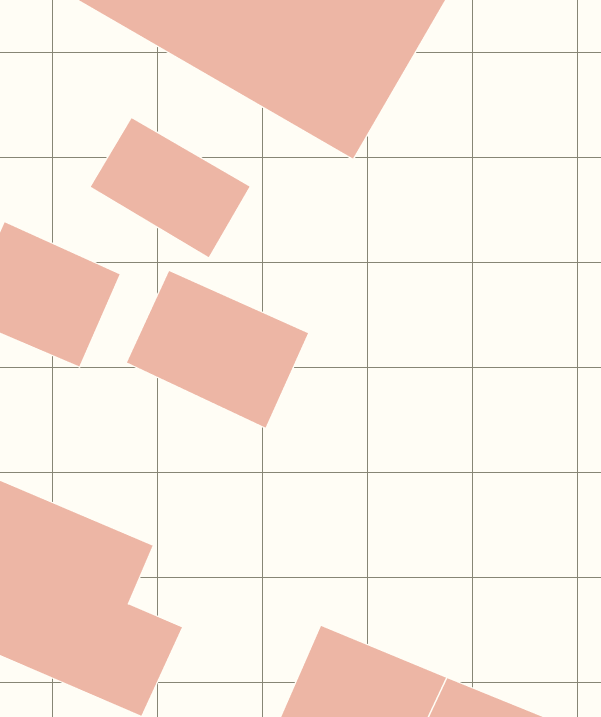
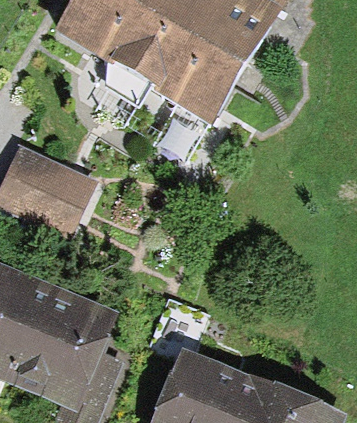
building: [90,117,251,258] -> none
building: [126,270,309,428] -> none

